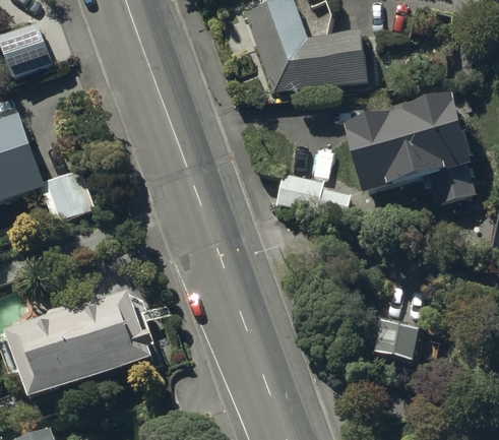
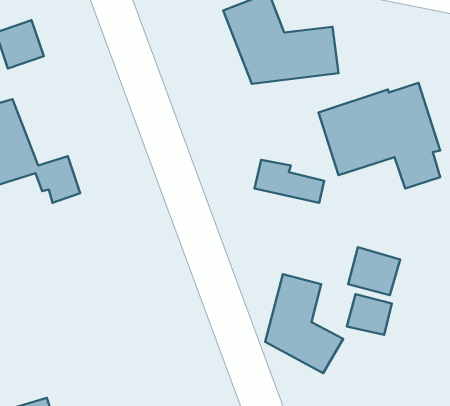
building: none -> [348,247,400,295]
building: [9,291,163,395] -> none
building: none -> [265,274,343,373]

